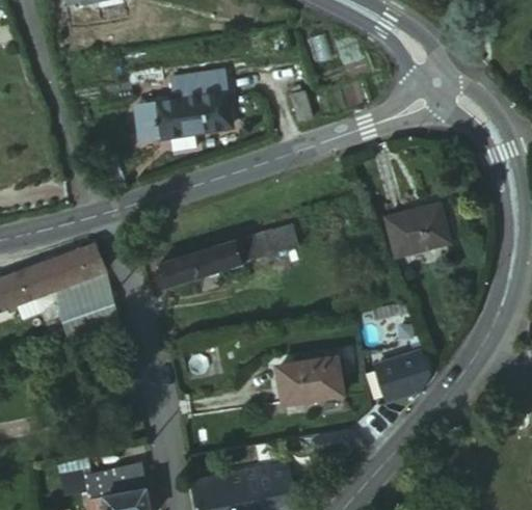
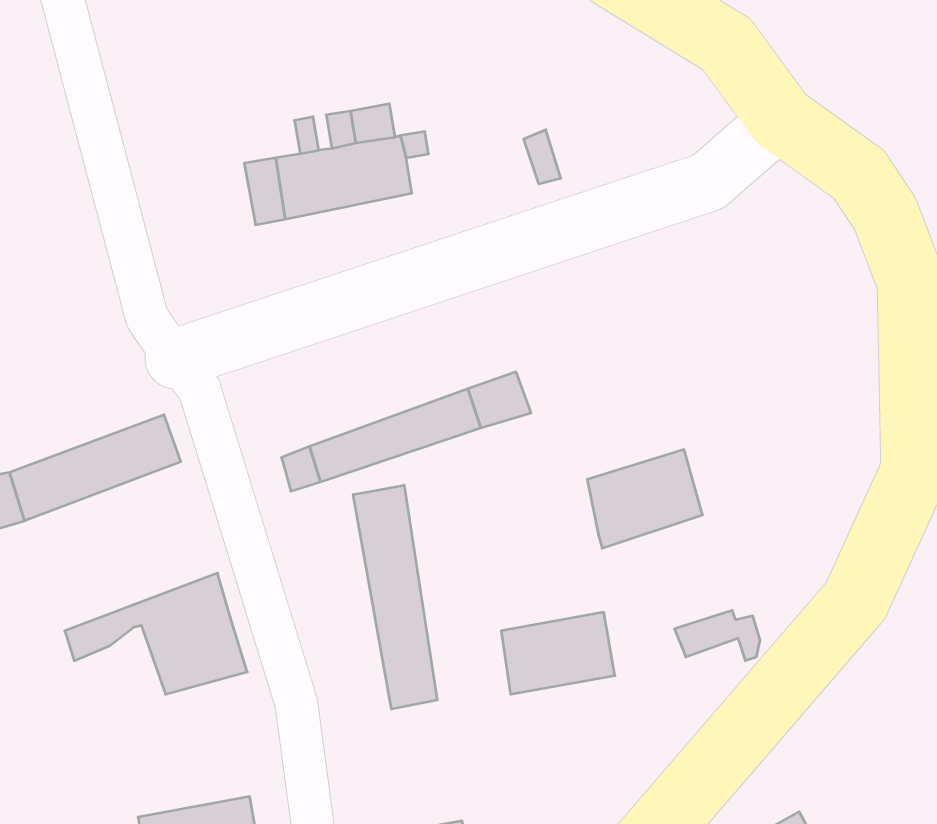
building: [387,210,451,265] -> [587,450,703,548]
building: [17,271,118,339] -> [65,573,247,694]
building: none -> [353,485,437,709]
building: [379,370,421,403] -> none

